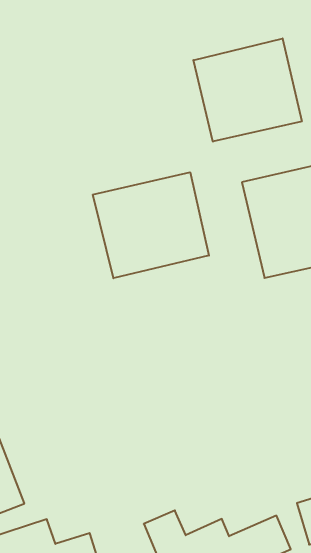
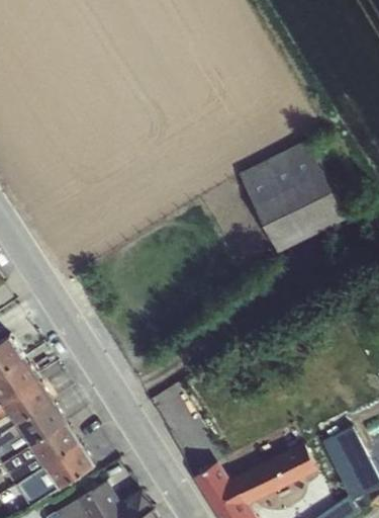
building: [193,38,302,142] -> none
building: [93,172,209,278] -> none

